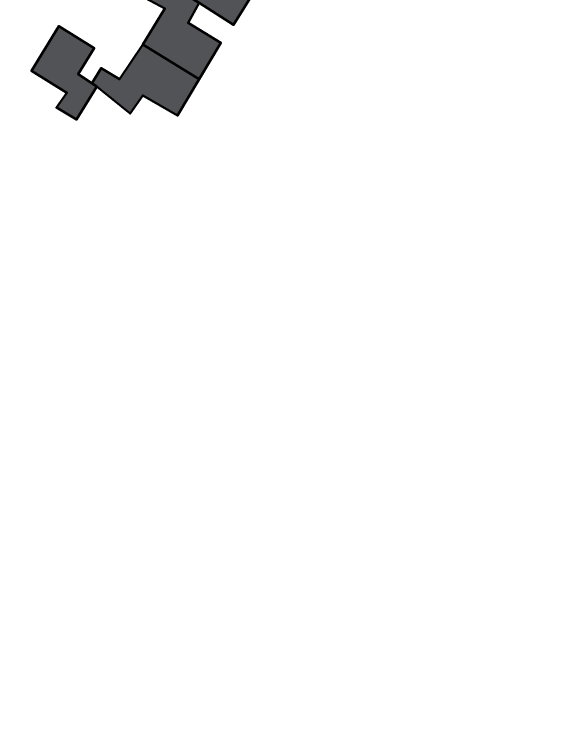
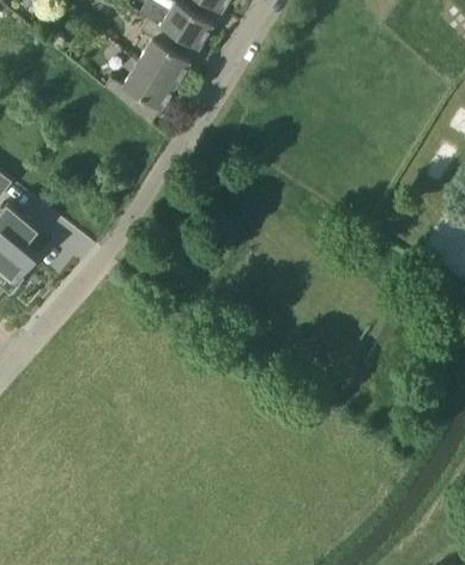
building: [31,26,97,119] -> none

